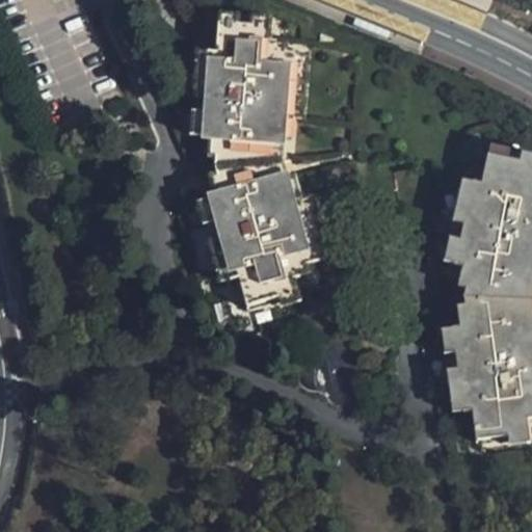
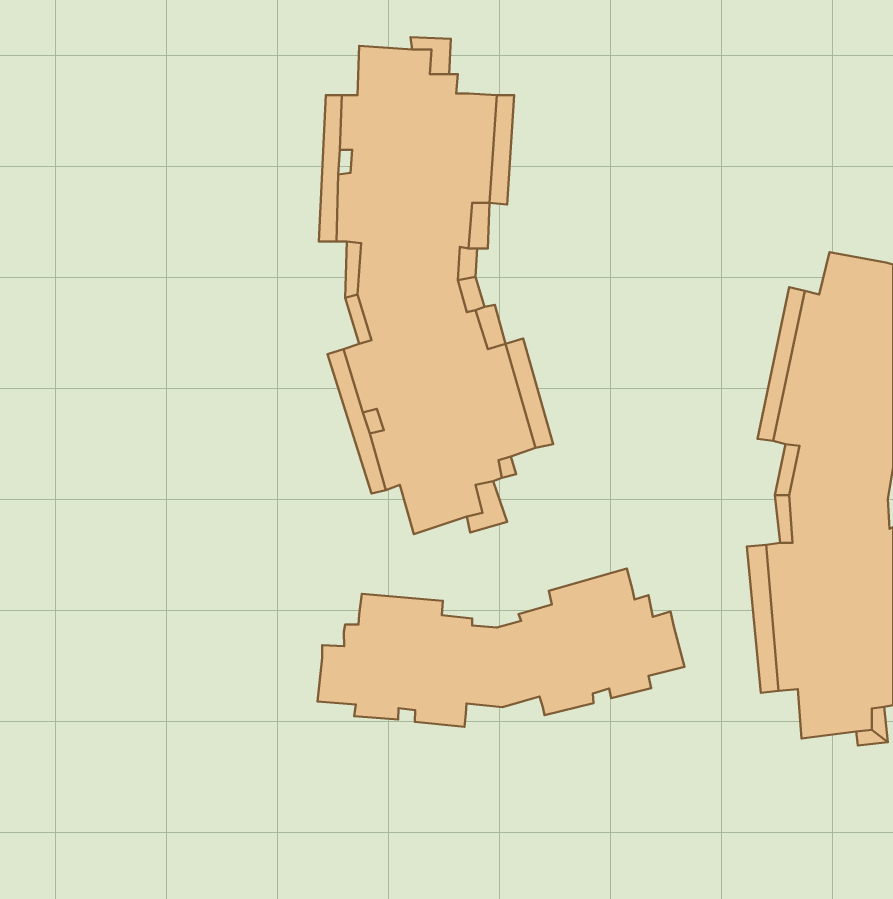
building: none -> [318,568,685,727]

